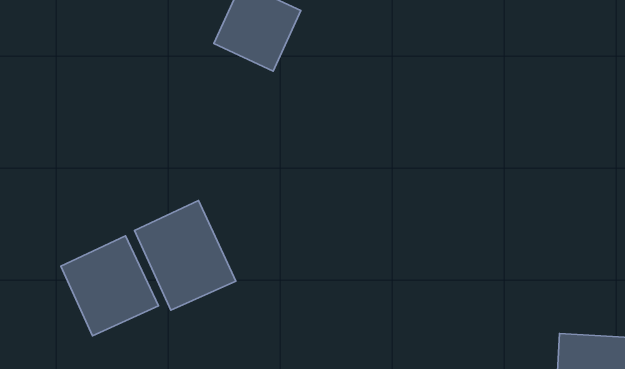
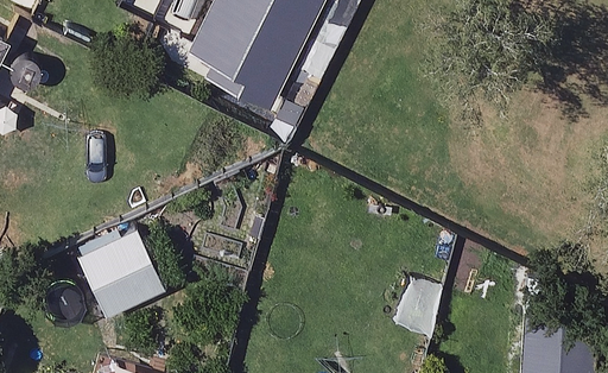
building: [135,200,236,310] -> none

